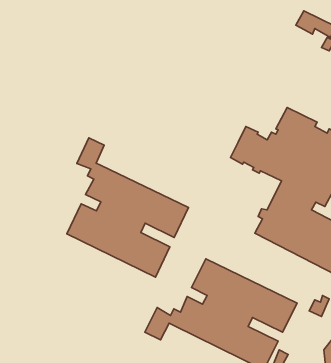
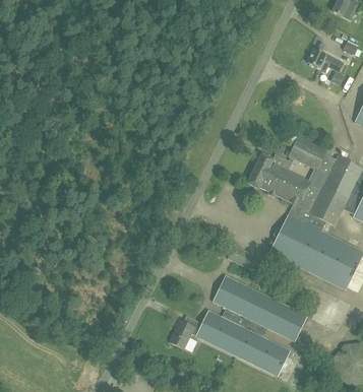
building: [67,138,189,277] -> none

